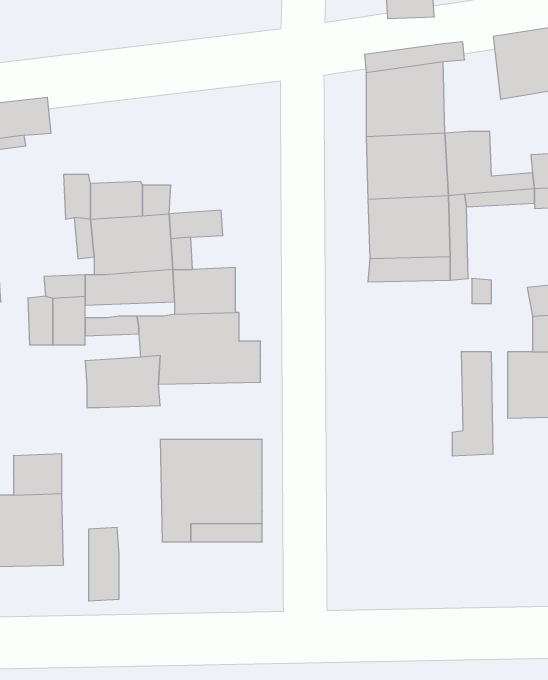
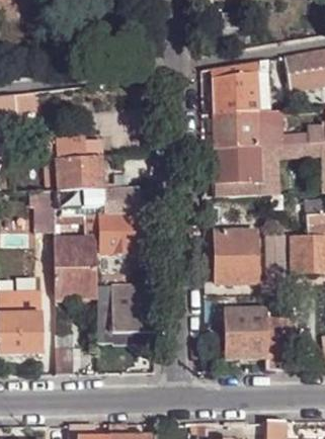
building: none -> [215,229,257,281]
building: none -> [54,264,95,299]
building: none -> [223,306,287,369]

